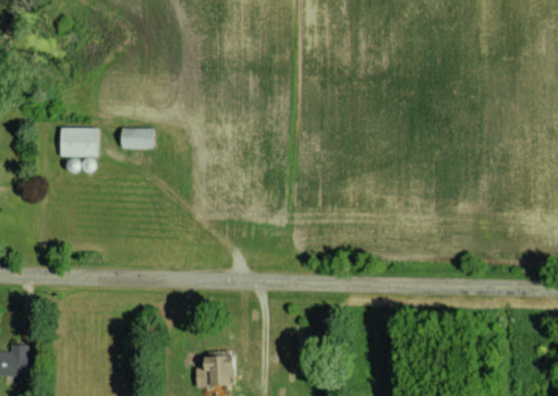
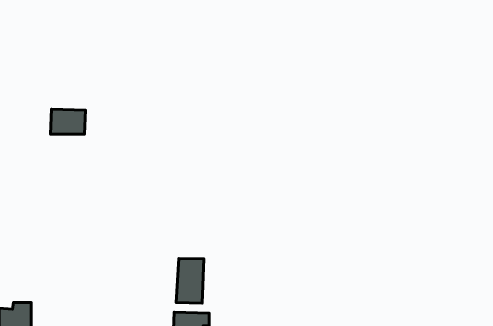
building: [119,128,154,148] -> none
building: none -> [176,258,204,303]

